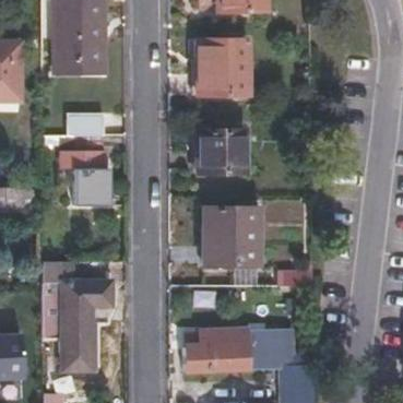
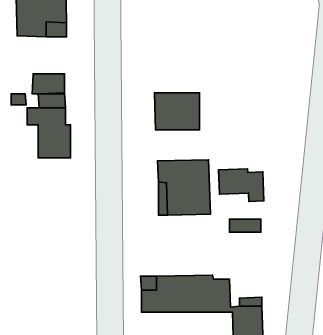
building: [188,42,239,97] -> none
building: none -> [219,169,264,202]
building: [48,261,114,367] -> none

